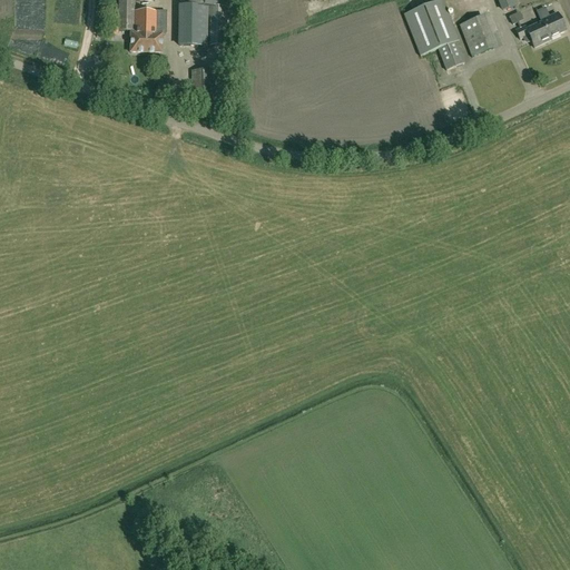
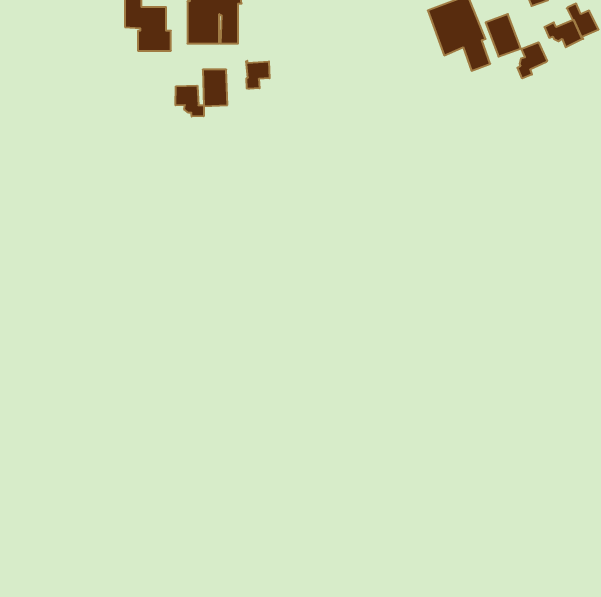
building: none -> [517,42,547,78]
building: none -> [246,61,270,89]
building: none -> [176,86,204,117]

